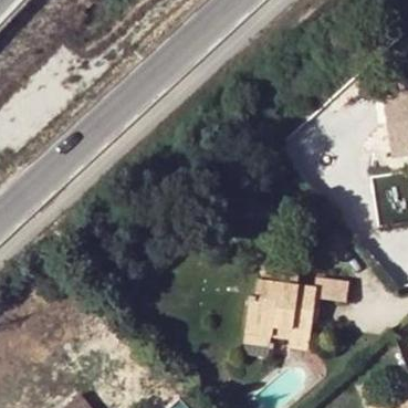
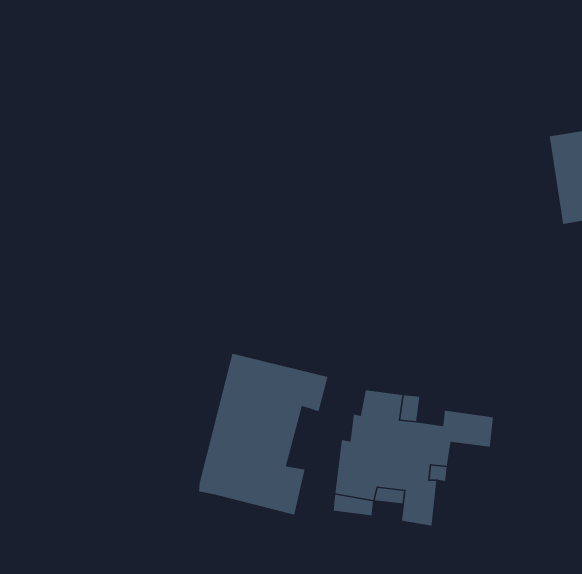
building: none -> [198,353,329,515]

